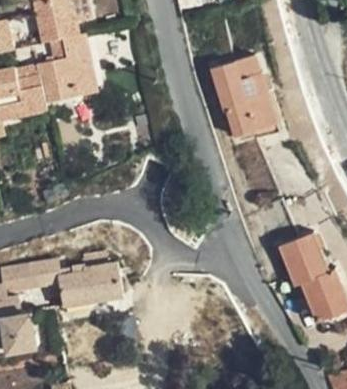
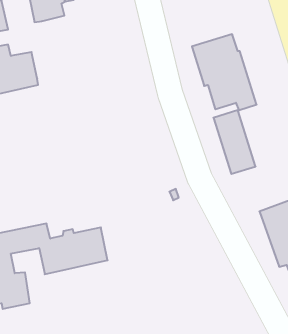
building: [37,34,96,103] -> none

